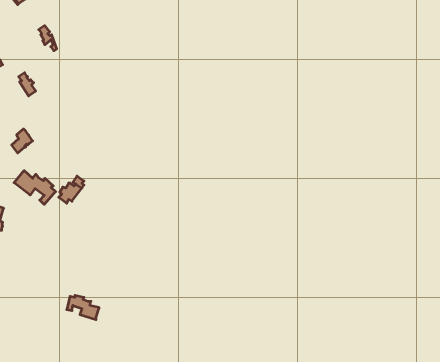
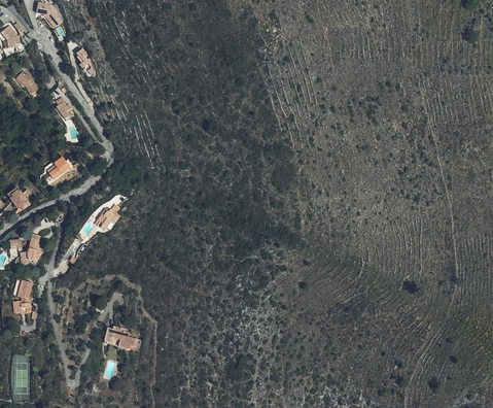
building: [14,171,56,204] -> none

